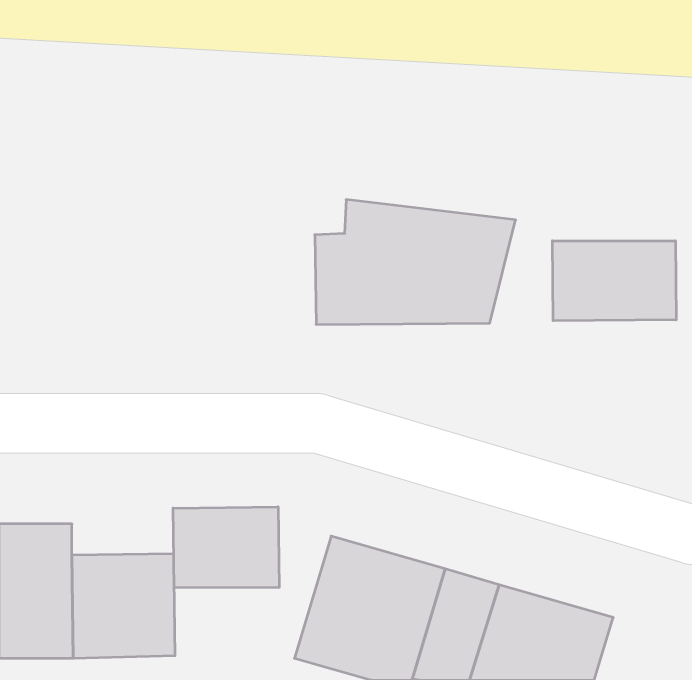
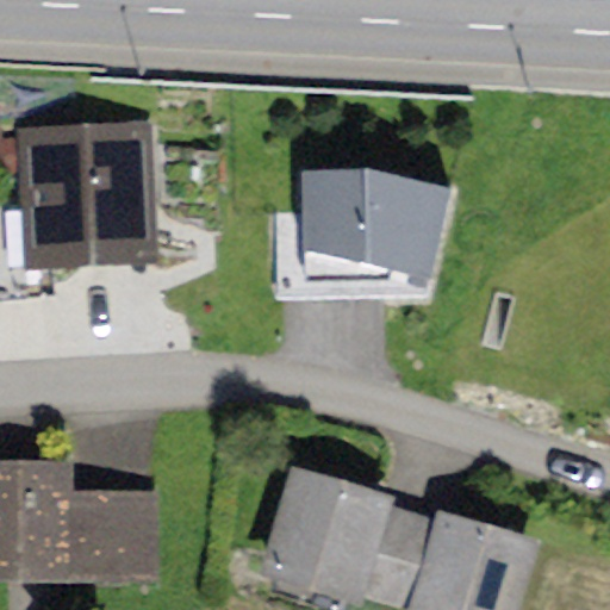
building: none -> [23,127,156,270]
building: [552,241,676,321] -> none
building: [173,507,279,588] -> none

